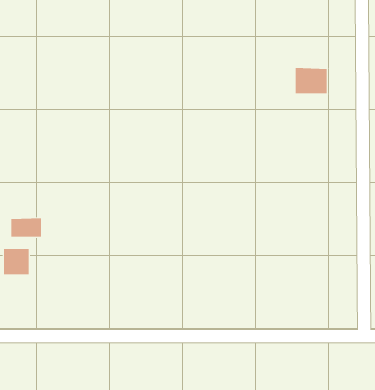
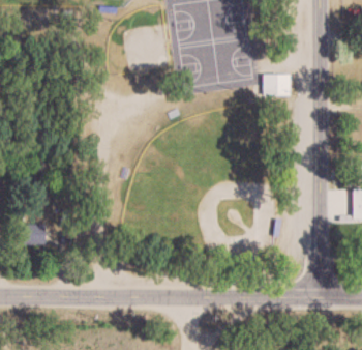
building: [11,218,42,238] -> none

